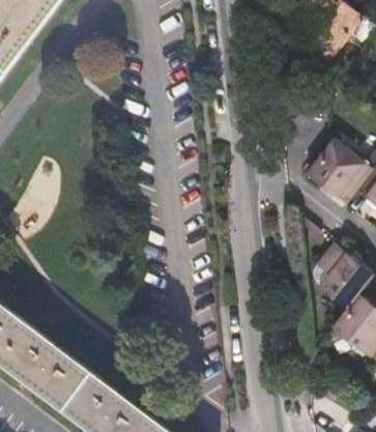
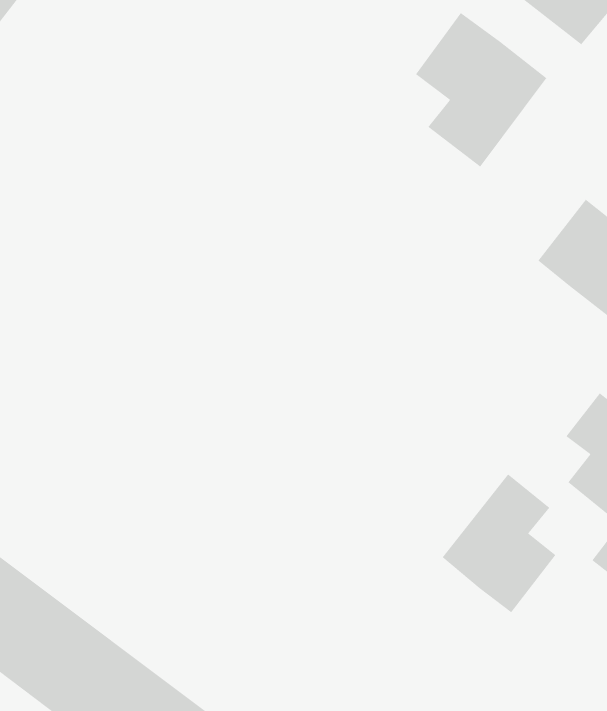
building: none -> [415,12,547,168]
building: none -> [442,474,556,613]

